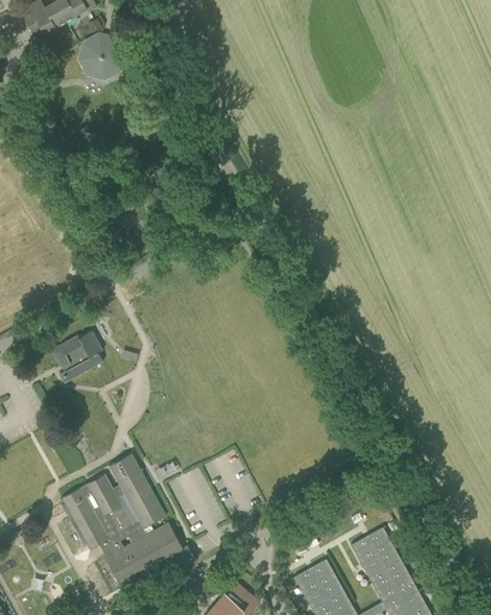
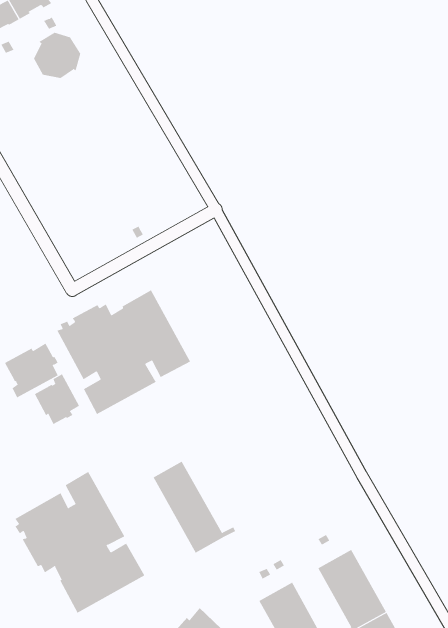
building: none -> [57,290,191,415]
building: none -> [34,373,80,425]
building: none -> [153,461,236,554]

